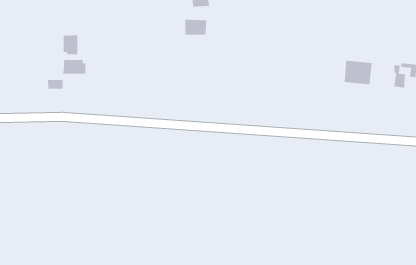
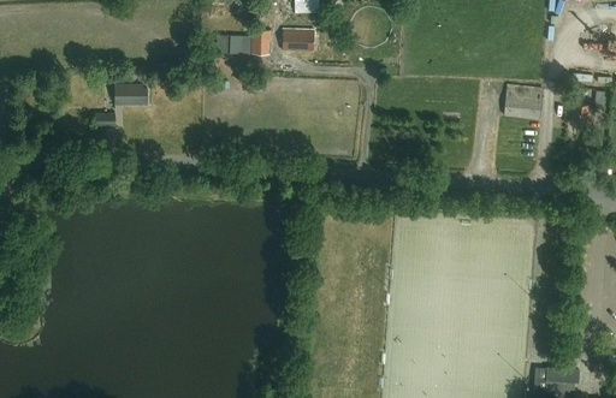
building: none -> [218,30,271,53]
building: [63,34,78,55] -> none

